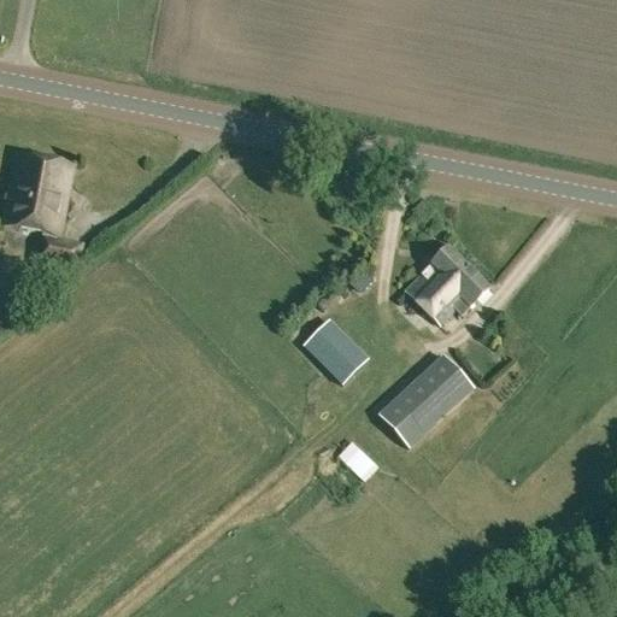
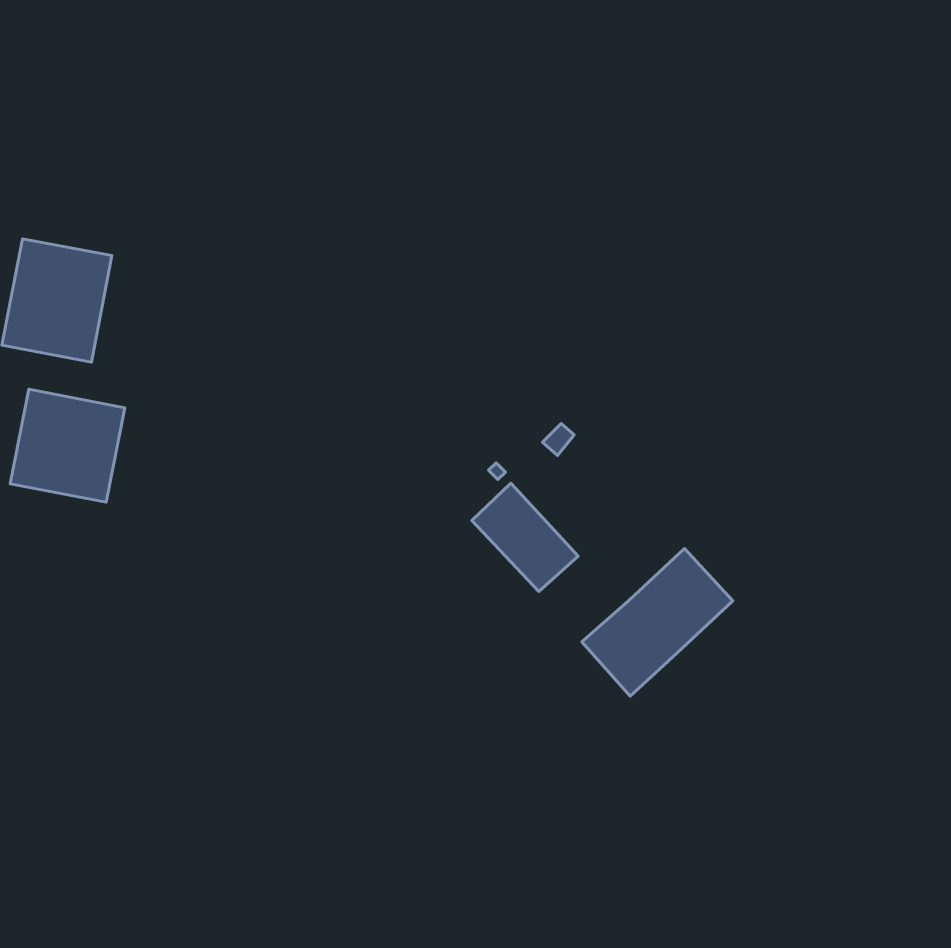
building: [405,246,488,324] -> none
building: none -> [10,389,125,502]

